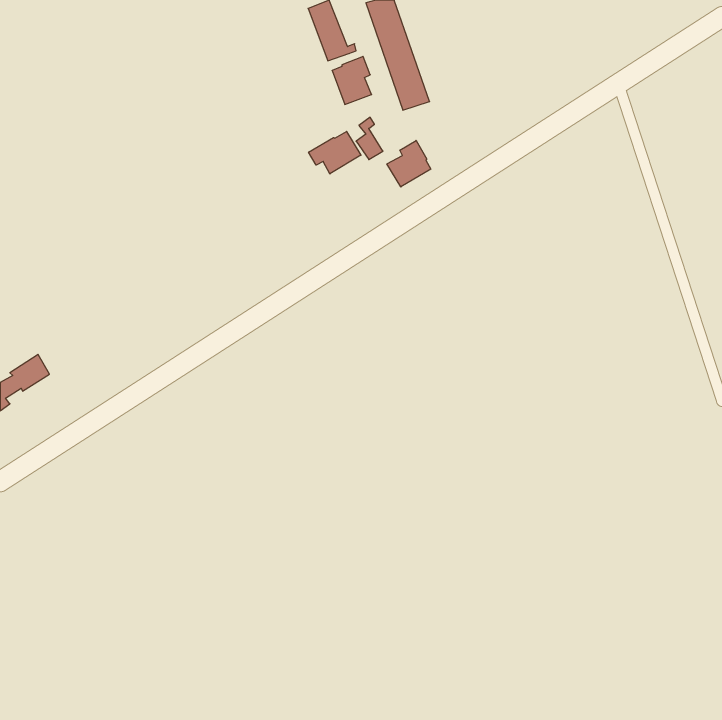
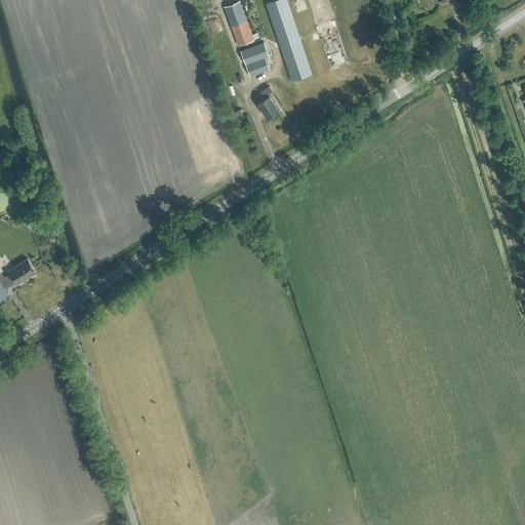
building: [309,131,361,174] -> none
building: [387,140,431,187] -> none

